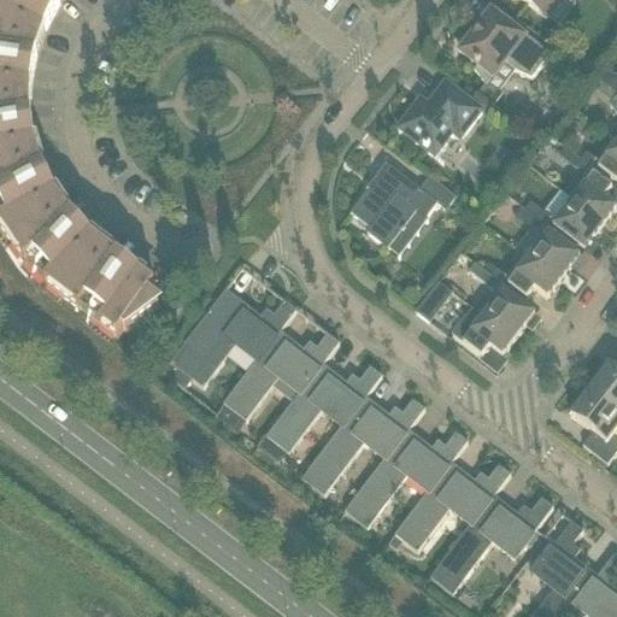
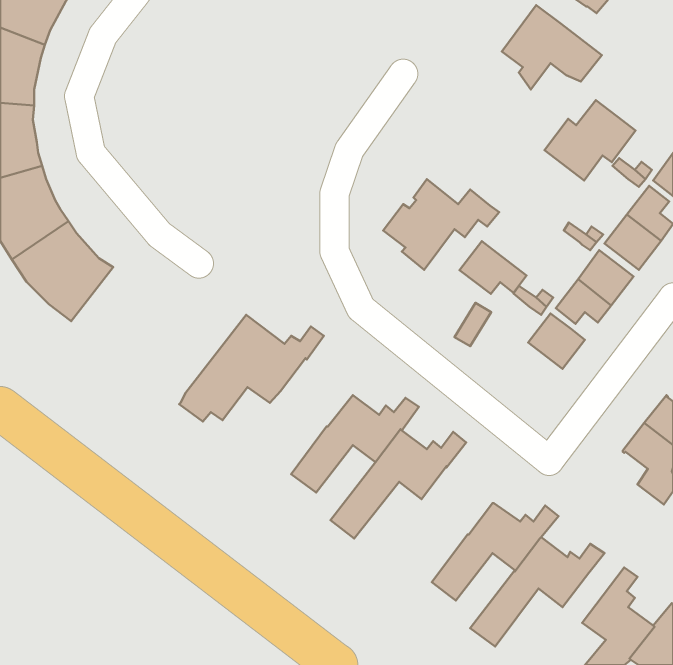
building: [399,80,482,153] -> [545,100,635,181]
building: [65,245,159,334] -> none
building: [453,306,515,354] -> [459,241,527,294]
building: [223,328,340,418] -> none
building: [345,427,469,527] -> none

